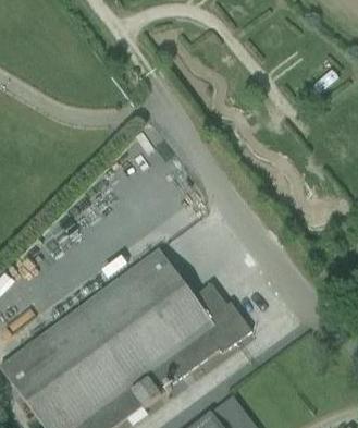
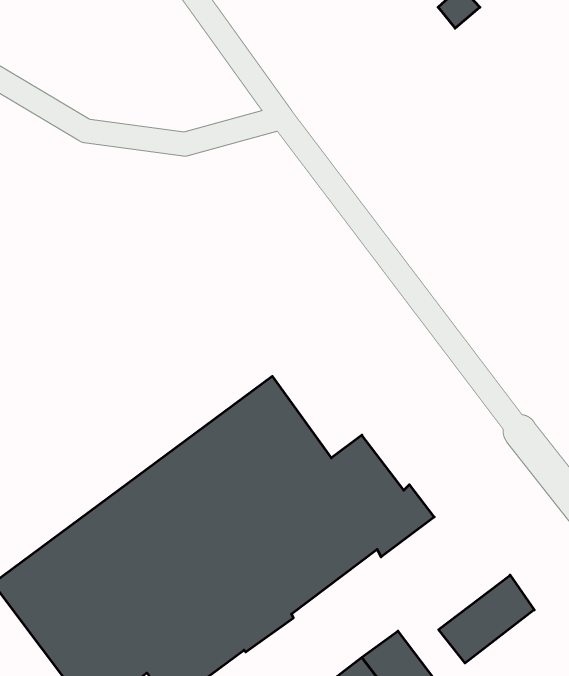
building: none -> [439,575,534,663]

